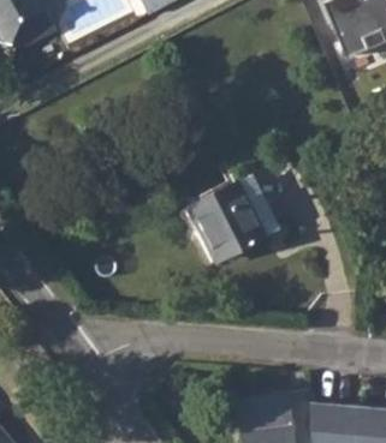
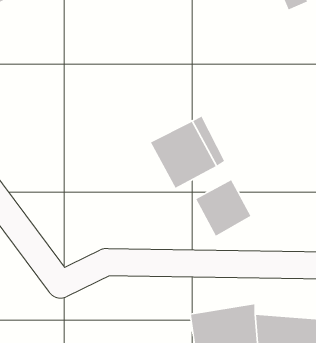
building: none -> [195,179,251,237]

